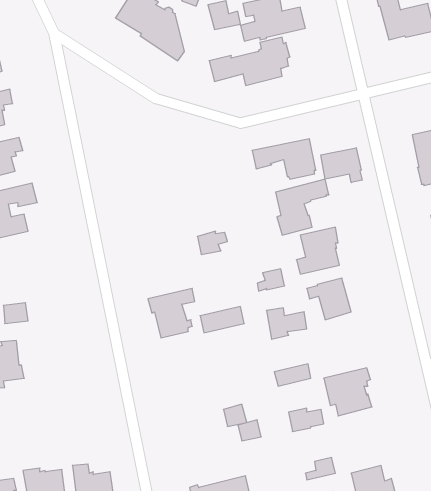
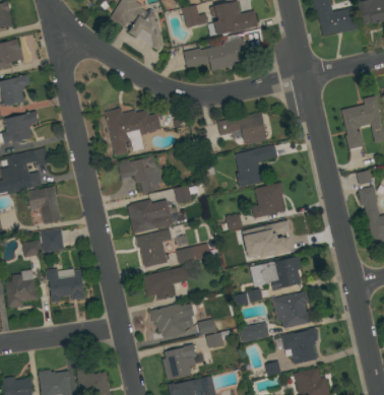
building: none -> [105,108,161,155]
building: [321,148,362,183] -> none
building: none -> [118,155,162,193]
building: none -> [26,186,61,224]
building: none -> [127,200,173,234]
building: none -> [41,228,64,253]
building: none -> [258,256,301,290]
building: none -> [142,266,189,301]
building: none -> [47,268,85,303]
building: none -> [150,303,190,339]
building: none -> [281,328,317,365]
building: none -> [162,344,196,380]

